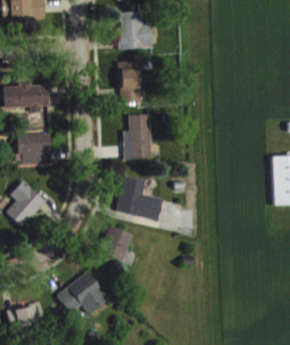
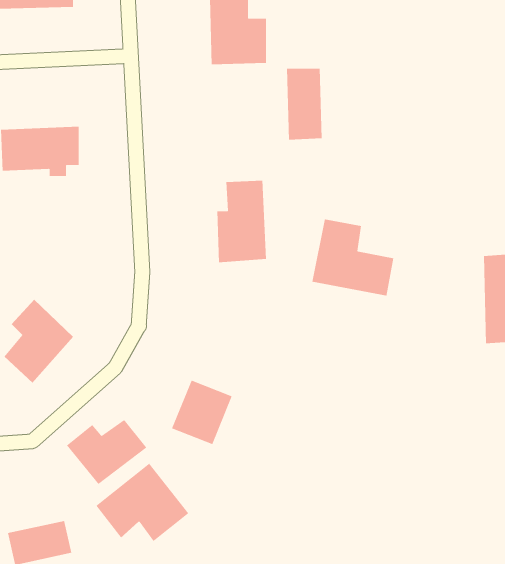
building: [119,61,139,101] -> [286,68,322,140]
building: [15,133,50,162] -> none
building: [116,177,163,220] -> [311,219,394,296]
building: none -> [66,419,147,485]

